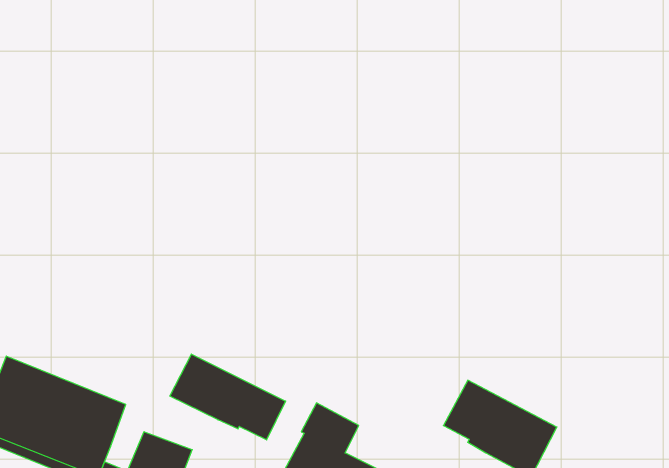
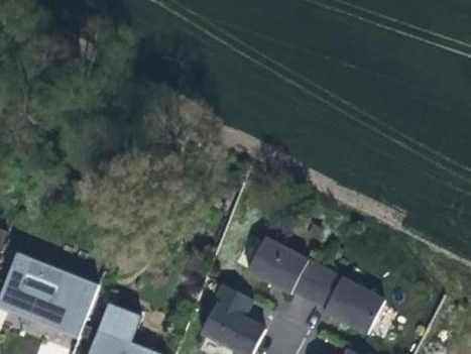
building: none -> [247,239,324,300]
building: [170,354,286,440] -> none

